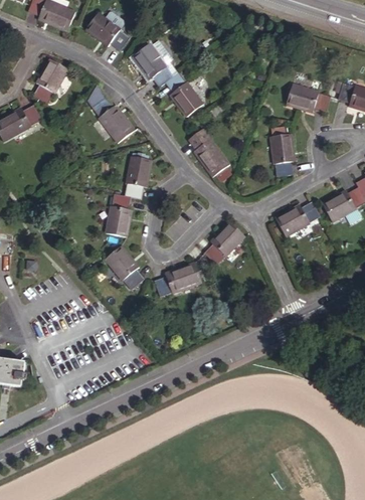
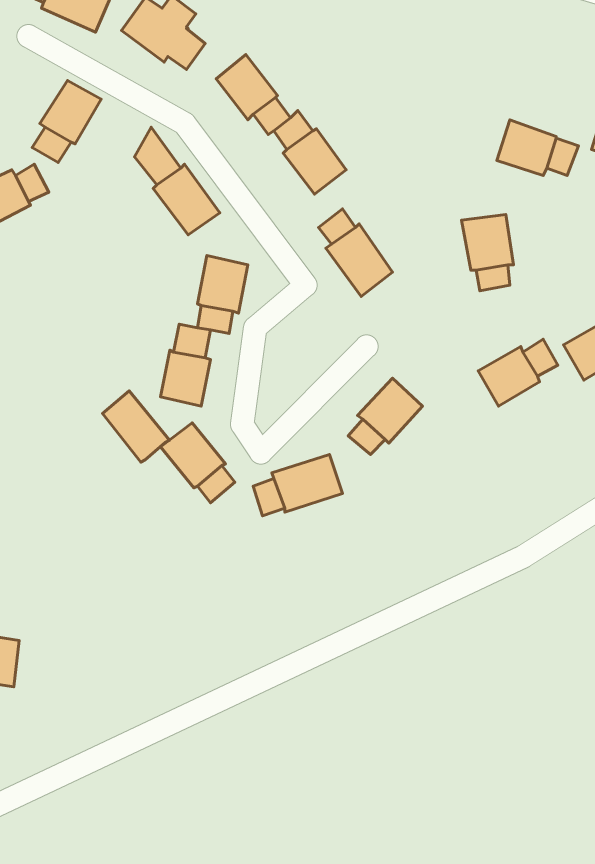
building: none -> [103,391,170,462]

